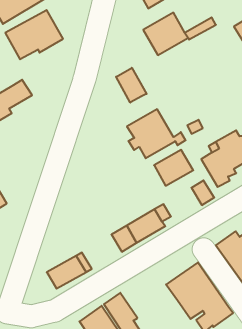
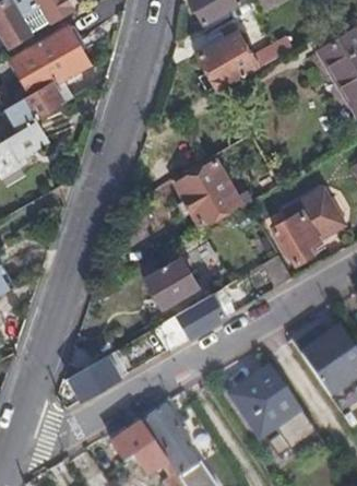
building: none -> [12,81,68,130]
building: [116,68,147,103] -> none
building: [154,150,193,186] -> [145,259,198,307]

